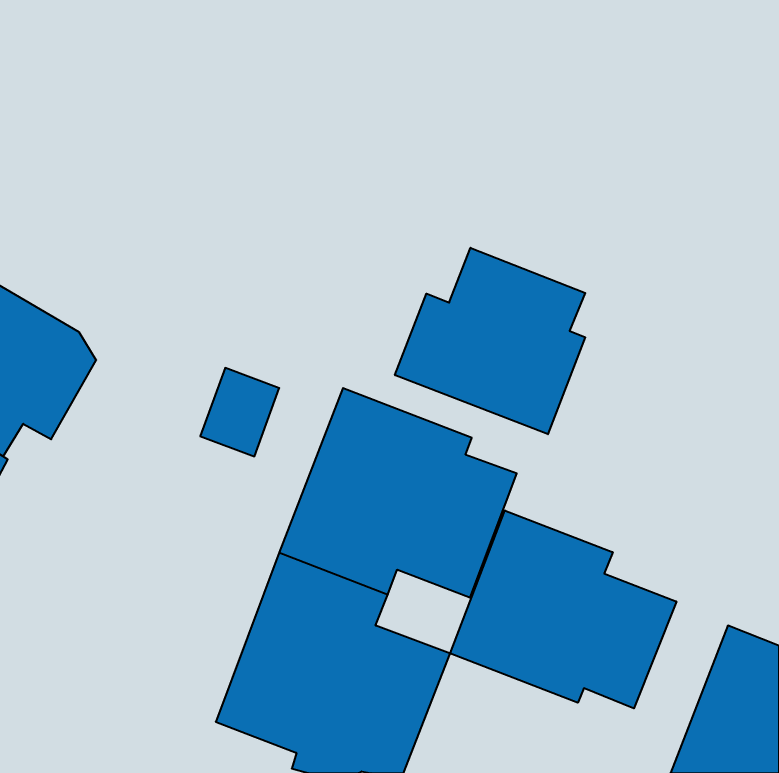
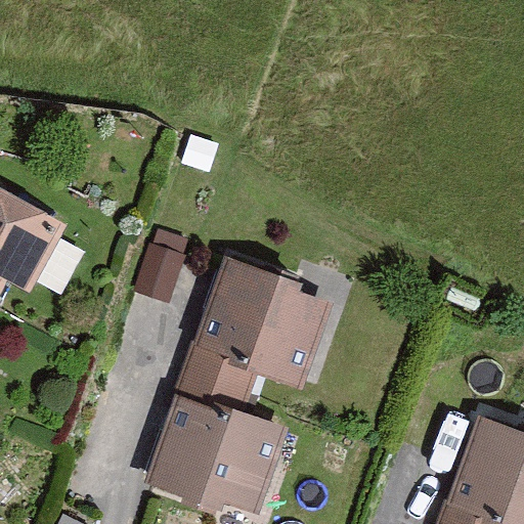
building: [395,248,585,434] -> none
building: [450,510,676,708] -> none

